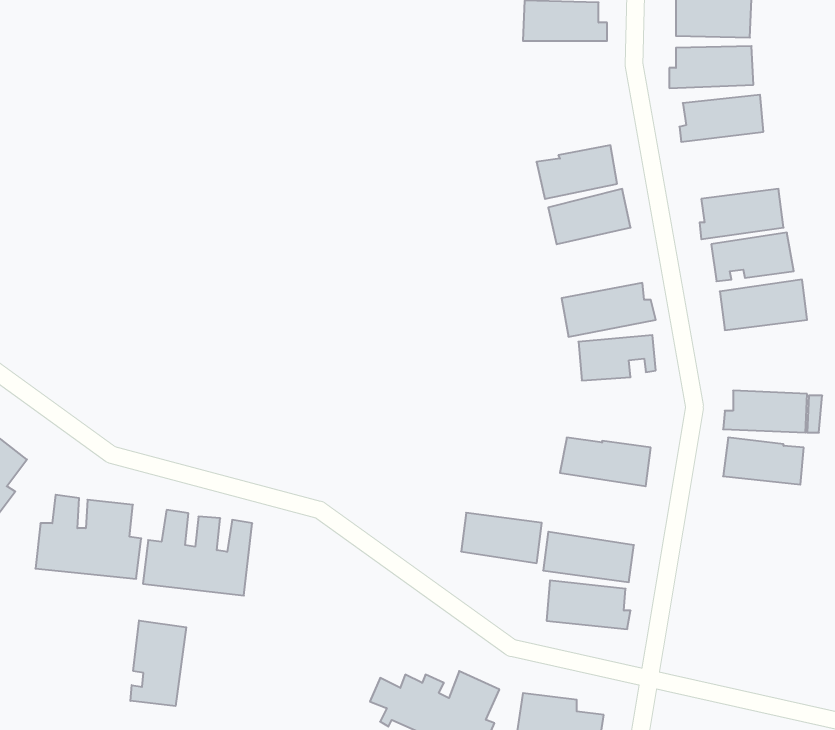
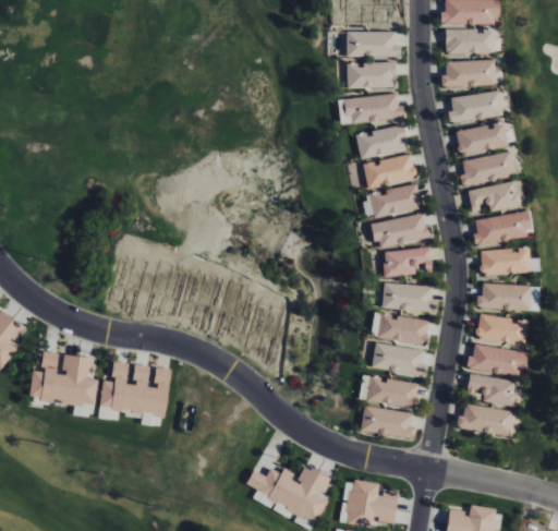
building: none -> [347,63,396,88]
building: none -> [345,94,402,123]
building: none -> [456,122,509,156]
building: none -> [363,184,422,219]
building: none -> [481,249,531,275]
building: none -> [383,283,437,313]
building: none -> [466,345,527,376]
building: [461,513,542,563] -> [373,343,425,376]
building: none -> [468,374,518,407]
building: none -> [457,405,513,436]
building: [130,620,186,706] -> none

